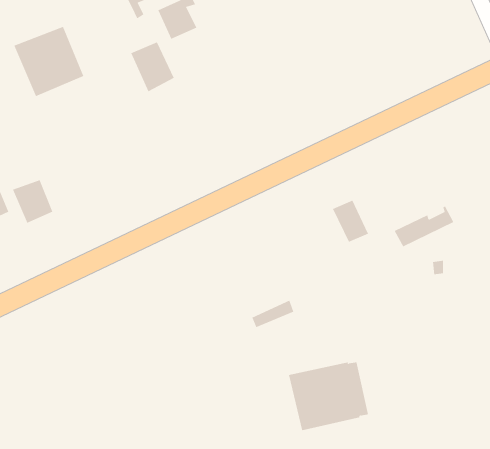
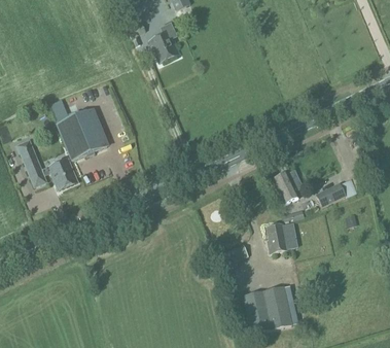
building: [14,26,84,97] -> [59,109,108,159]
building: [131,41,174,92] -> none
building: none -> [268,222,290,252]

